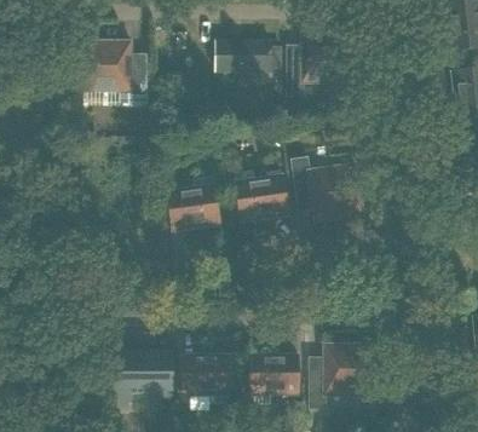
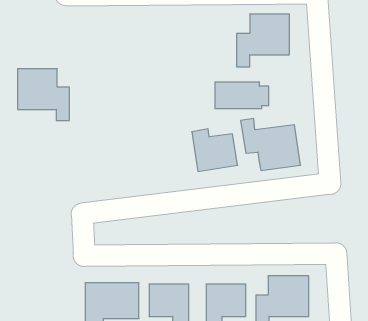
building: [217,39,281,70] -> [215,82,269,109]
building: [83,41,145,103] -> [18,69,69,120]
building: [167,174,219,229] -> none

